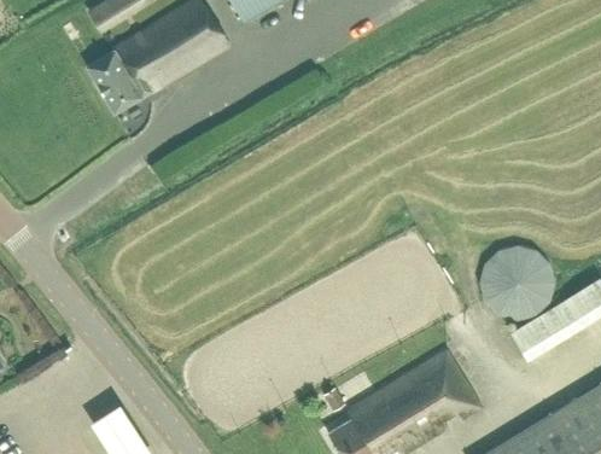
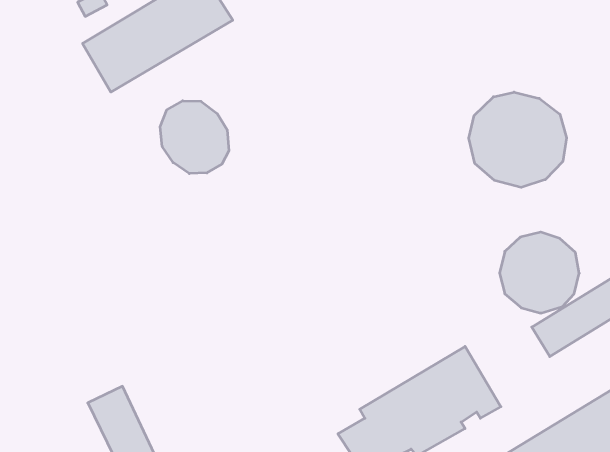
building: none -> [469,92,567,187]
building: none -> [160,101,229,174]

